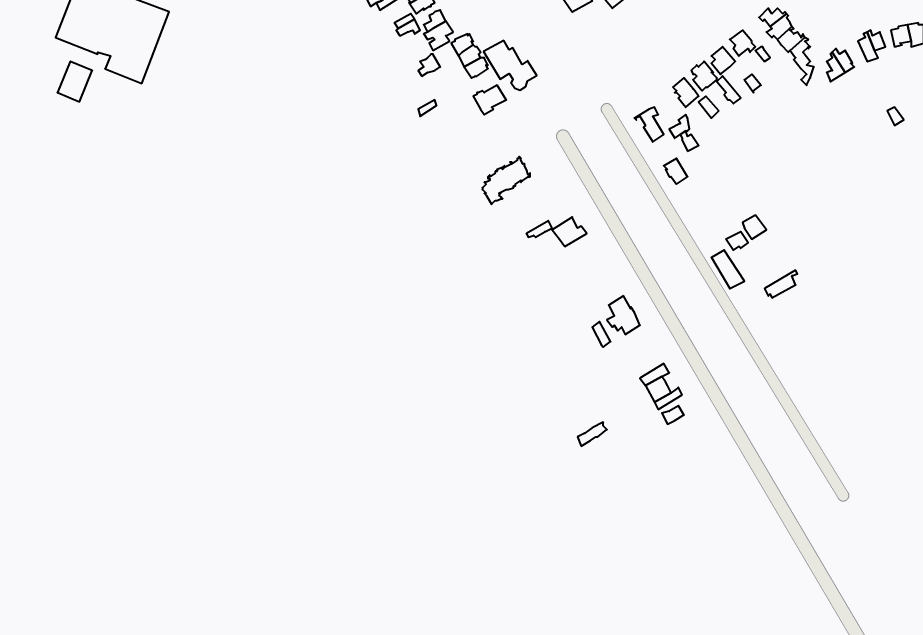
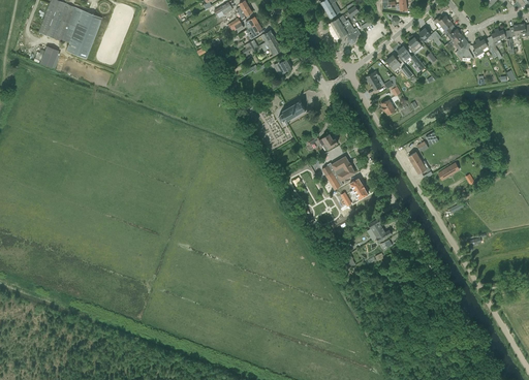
building: [484,41,537,90] -> [332,15,362,43]
building: none -> [322,156,355,190]

